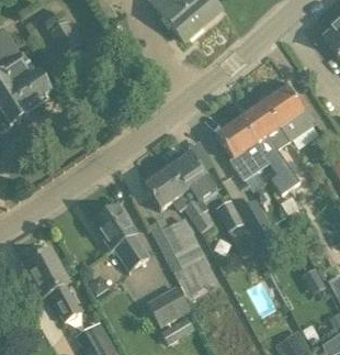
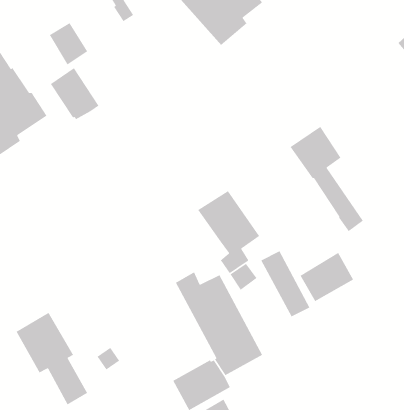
building: none -> [50,67,99,120]
building: [263,85,318,140] -> none
building: [216,117,258,179] -> none
building: [144,166,191,209] -> none
building: [92,201,150,268] -> none

